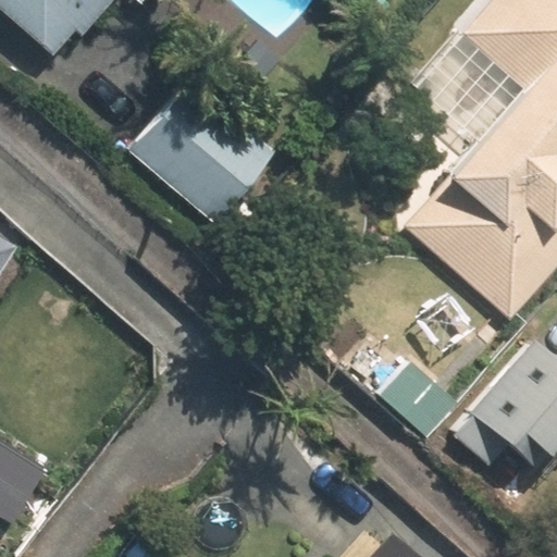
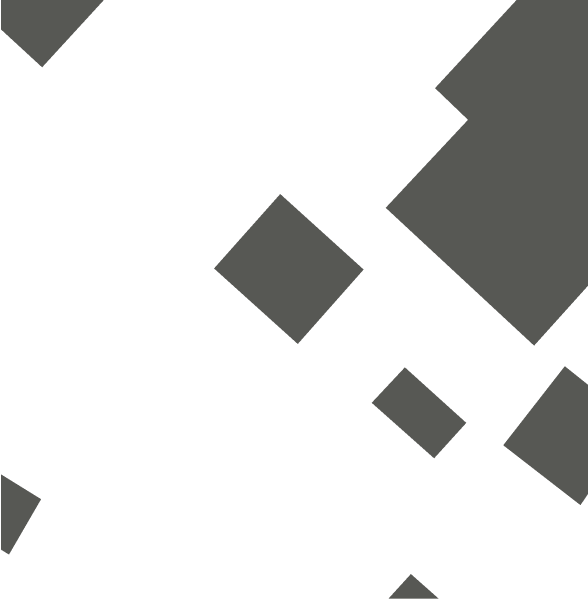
building: [137,84,277,224] -> [213,193,365,345]

